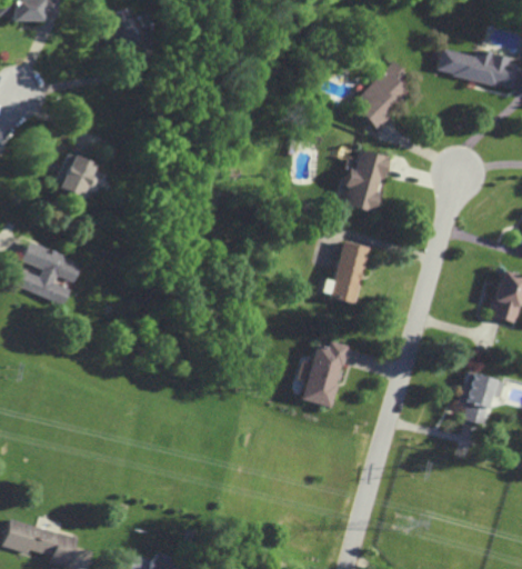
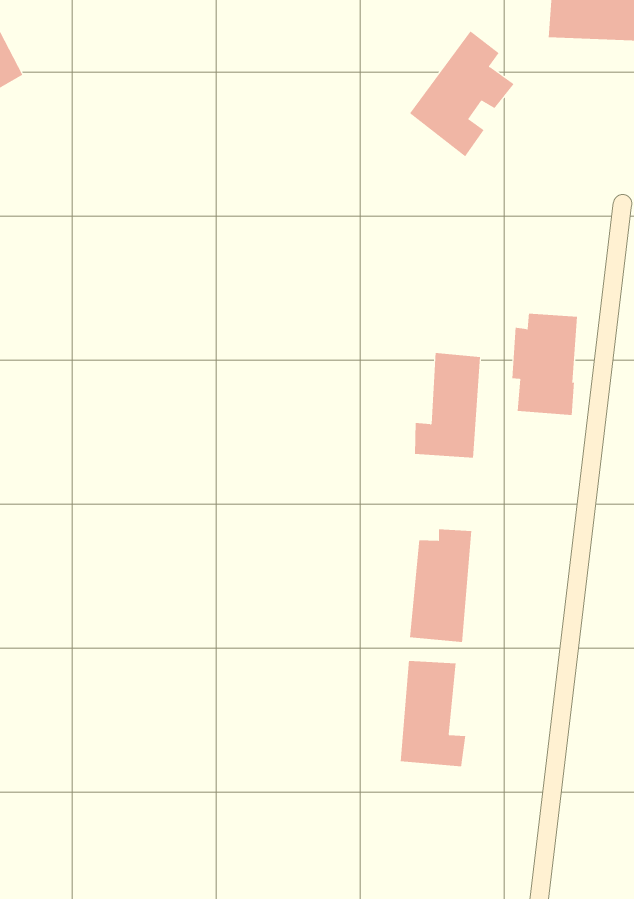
building: [345,150,389,212] -> [512,313,578,416]
building: none -> [400,660,466,767]

